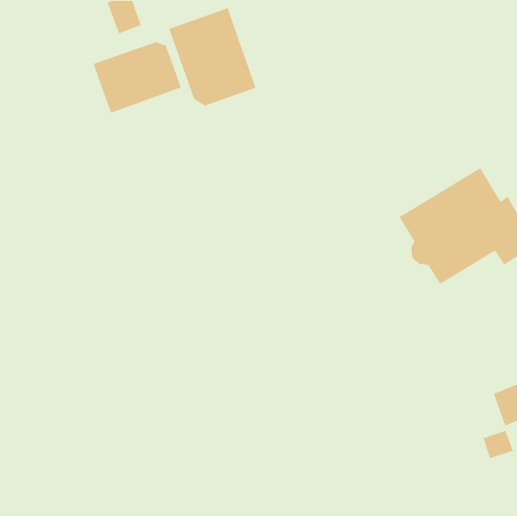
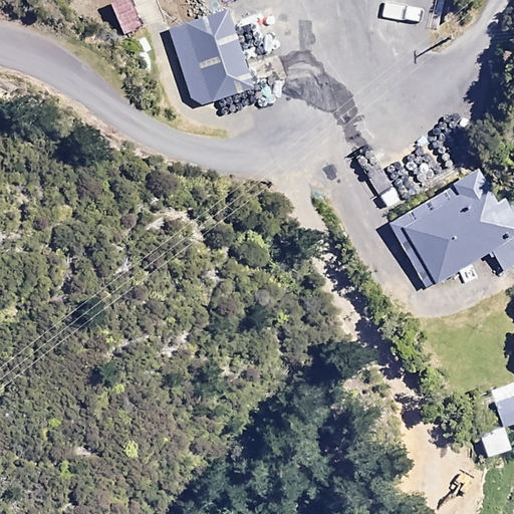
building: [93,41,182,114] -> none

